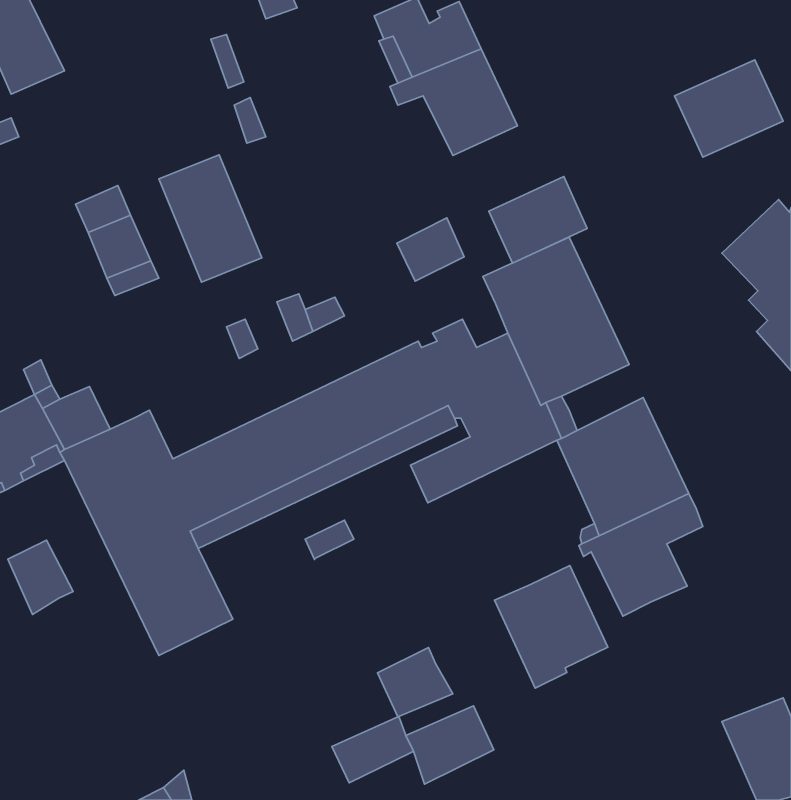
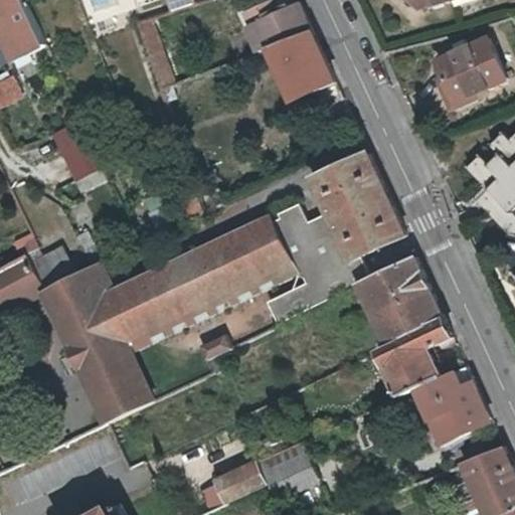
building: [159,155,262,282] -> none
building: [489,177,587,263] -> none
building: [397,218,464,281] -> none
building: [8,540,73,614] -> none
building: [494,566,608,688] -> [416,363,489,442]
building: [377,648,453,717] -> none

